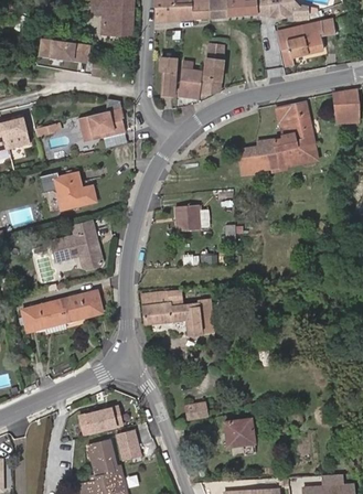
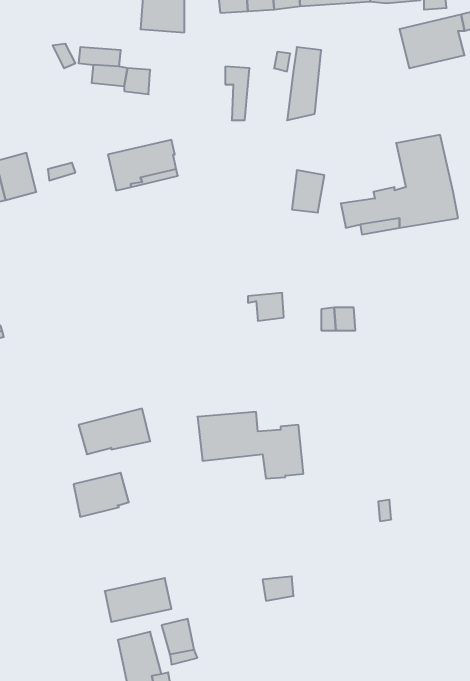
building: [180,68,202,97] -> [292,170,324,213]
building: [55,171,99,210] -> none
building: [50,221,102,269] -> none
building: [29,300,66,330] -> [74,473,129,517]
building: [225,418,255,445] -> none

